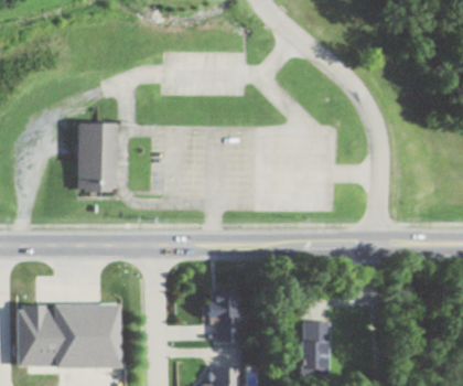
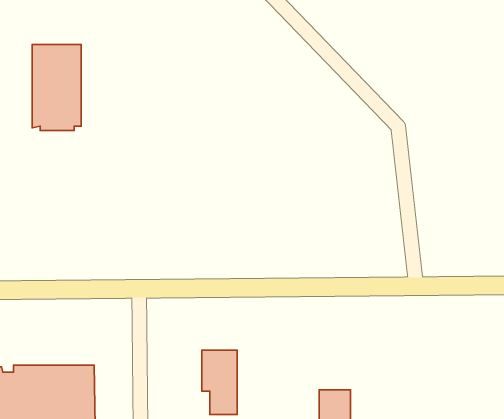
building: [77,120,117,190] -> [32,44,81,130]

